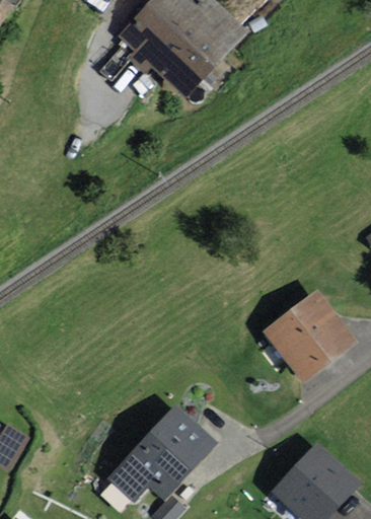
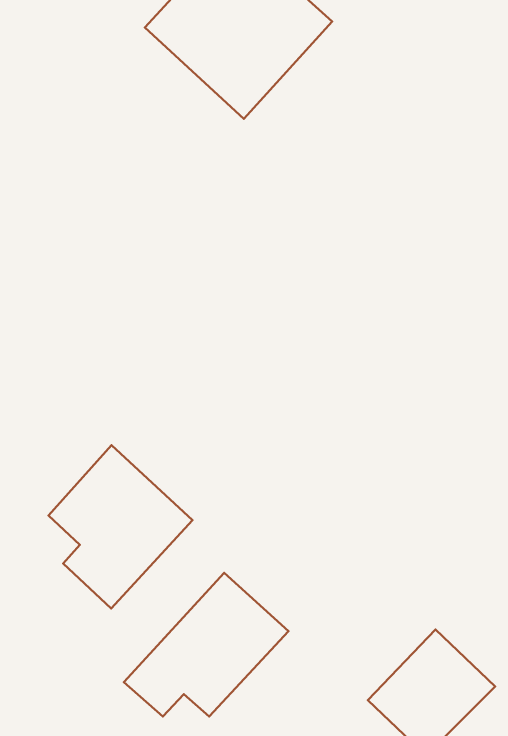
building: [266,291,355,380] -> none
building: none -> [48,445,192,609]

